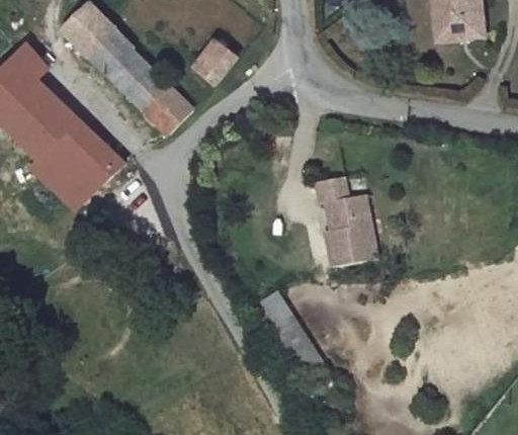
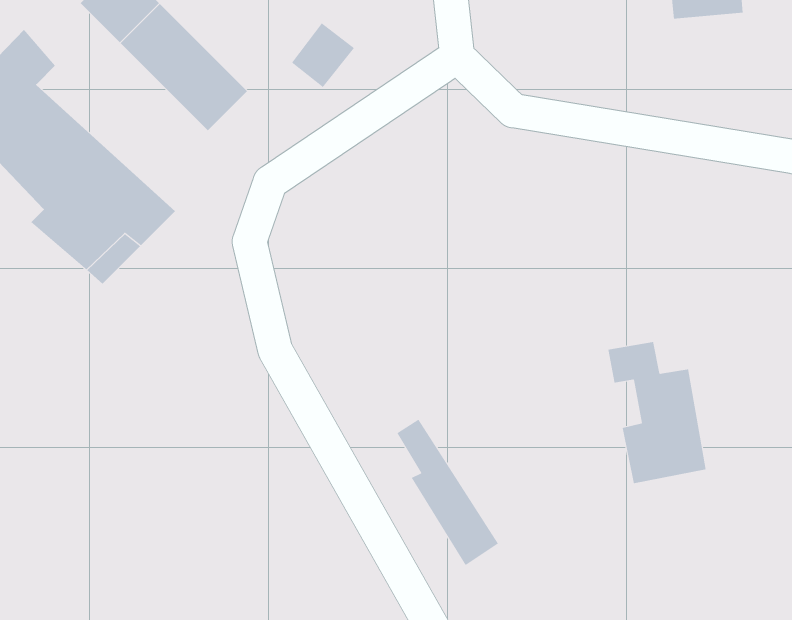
building: [143,83,191,132] -> none
building: [314,175,376,265] -> [607,342,707,484]

